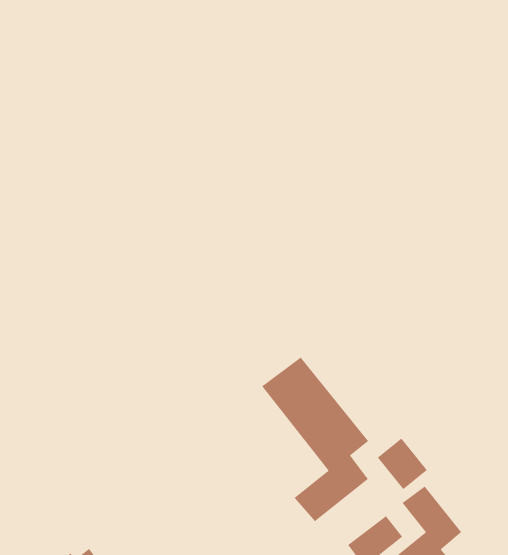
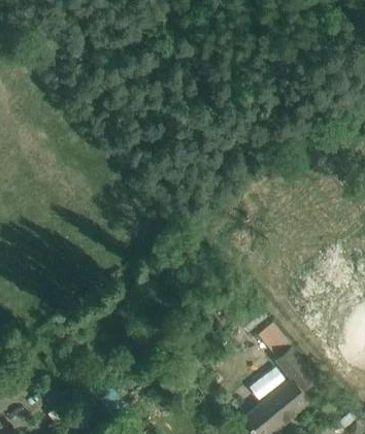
building: [261,356,369,522] -> none

